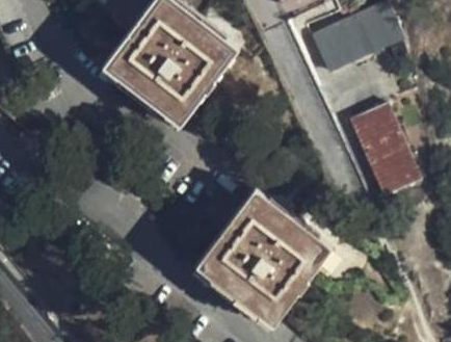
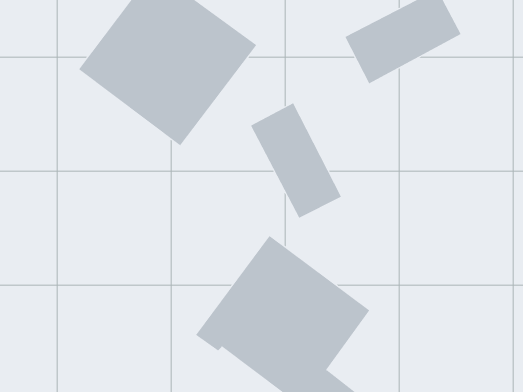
building: [351,105,422,194] -> [250,103,342,218]

